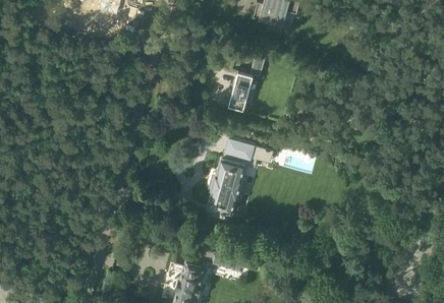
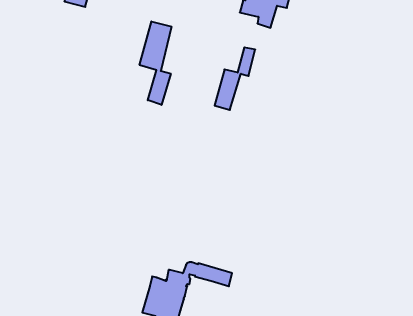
building: none -> [140,21,171,105]
building: [208,139,256,215] -> none

